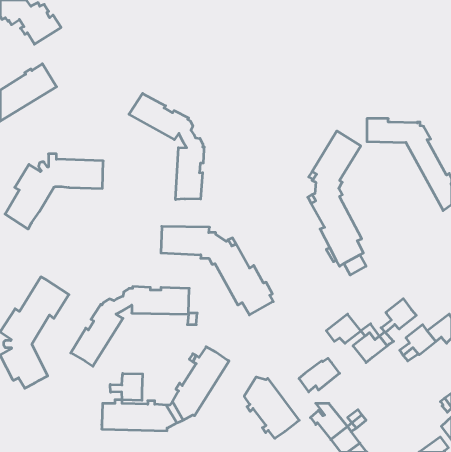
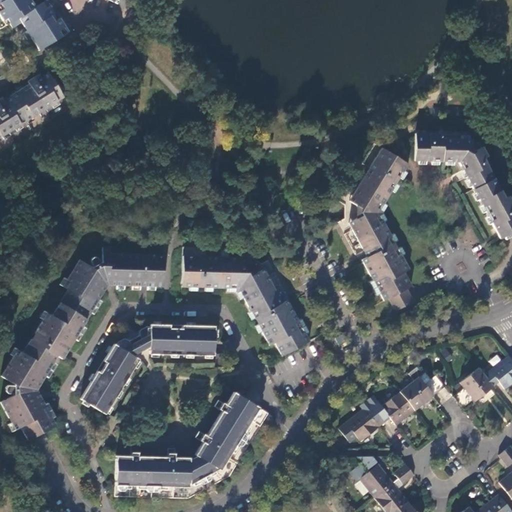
building: [129,93,204,200] -> none
building: [5,154,103,229] -> [53,248,164,333]
building: [381,299,416,332] -> none
building: [326,314,361,343] -> [376,391,415,424]
building: [110,373,143,400] -> none
building: [244,377,299,438] -> none

